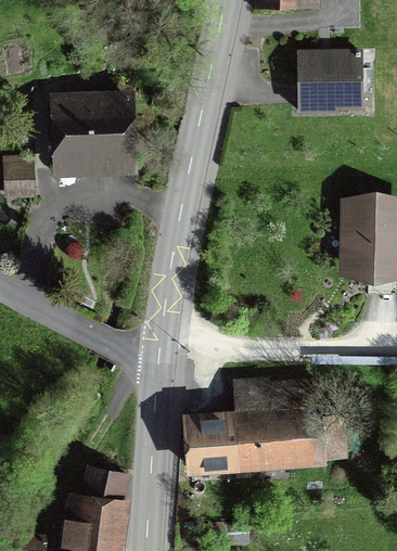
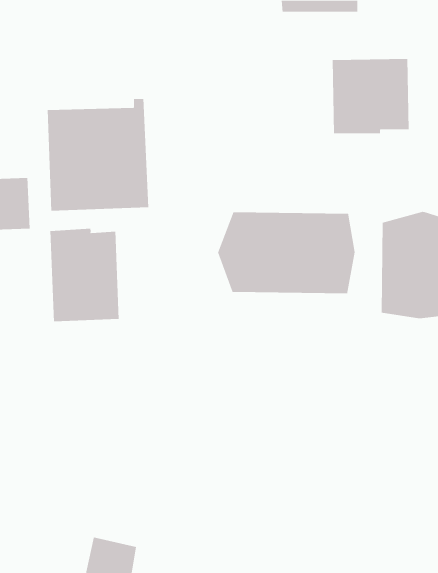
building: none -> [217,212,355,294]
building: none -> [50,228,119,322]
building: [188,379,342,467] -> none

